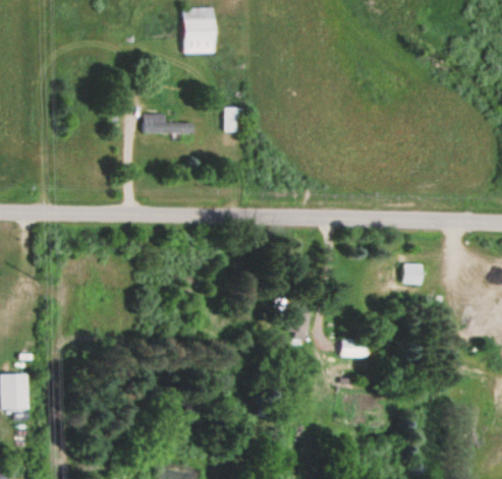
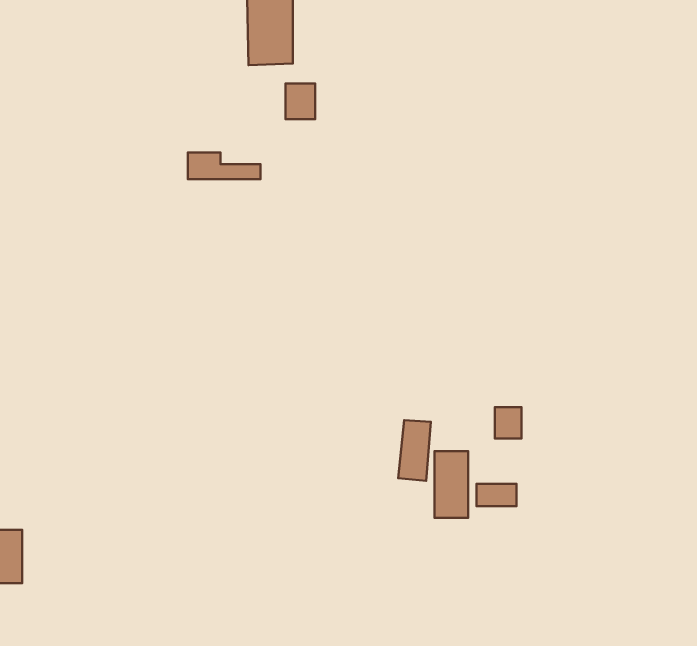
building: [223,108,243,132] -> [286,84,315,119]
building: [403,263,422,285] -> [495,407,521,438]
building: none -> [434,451,468,518]

